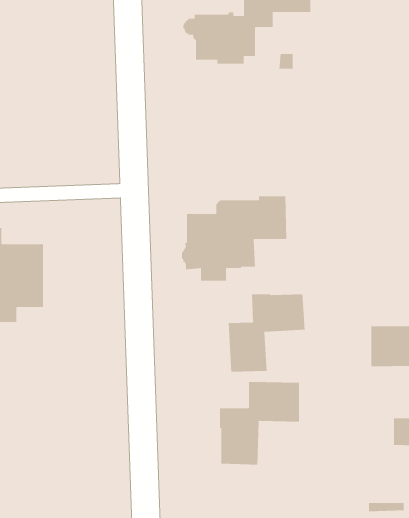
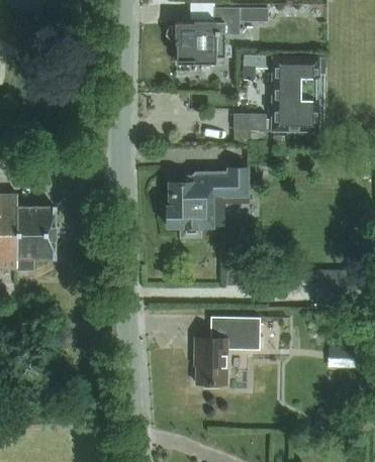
building: none -> [273,56,318,130]
building: none -> [233,113,266,129]
building: [228,293,306,372] -> none

